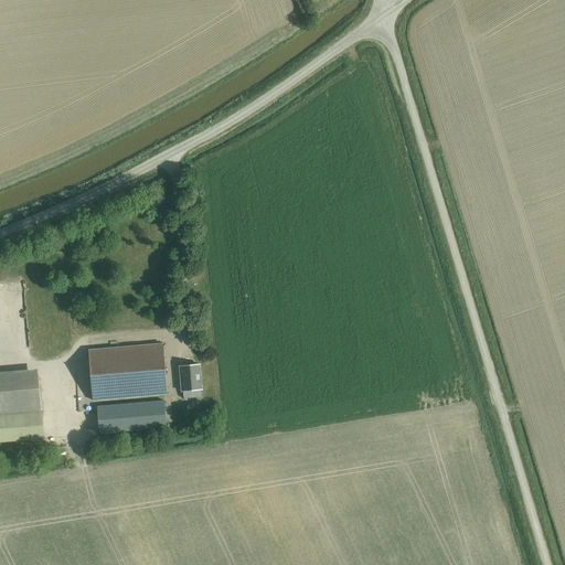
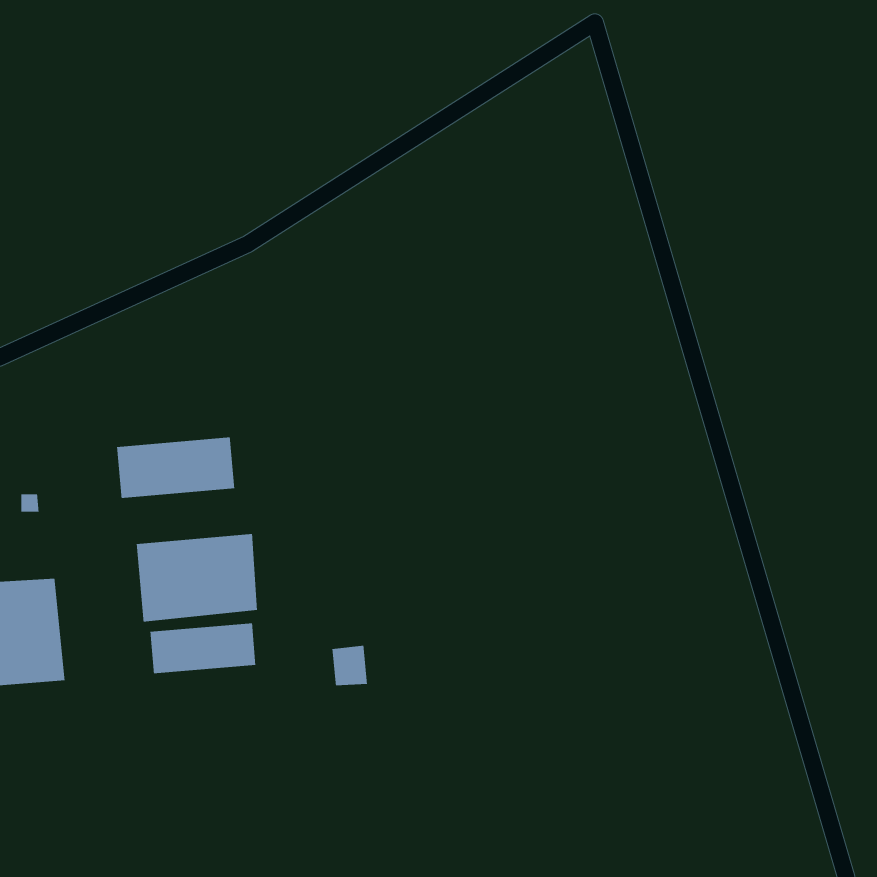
building: none -> [116,436,235,499]
building: [178,363,201,390] -> [332,645,368,686]

